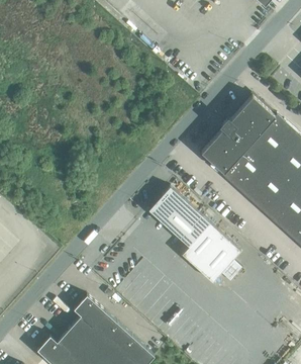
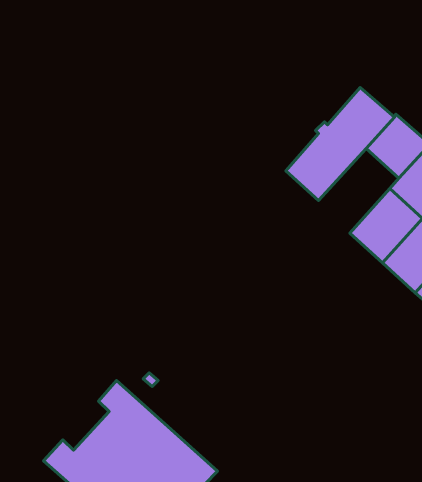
building: [221,136,278,194] -> none
building: [148,187,239,281] -> none

